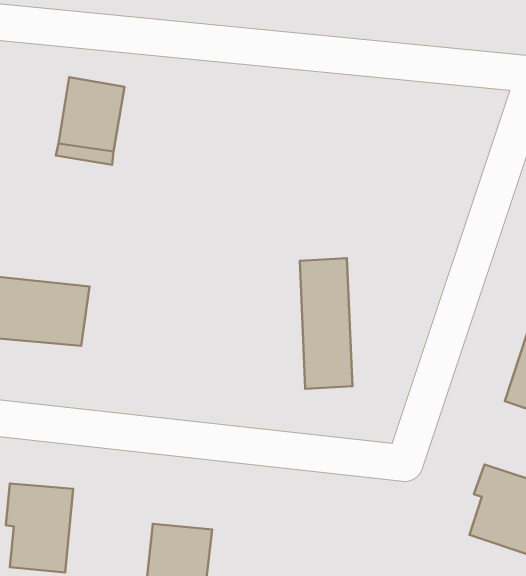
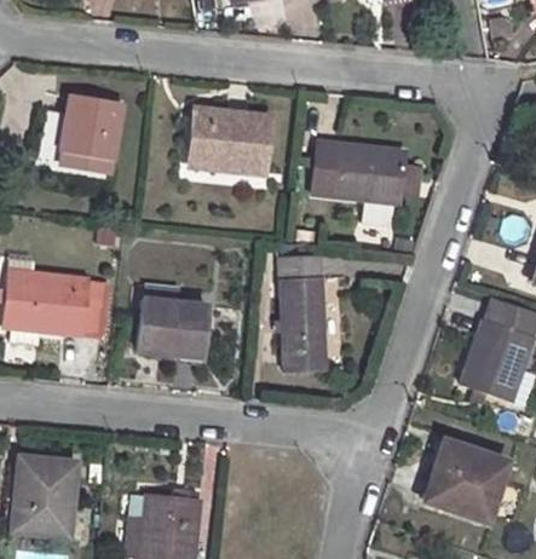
building: none -> [191,110,270,174]
building: none -> [313,144,407,203]
building: none -> [138,298,209,357]

